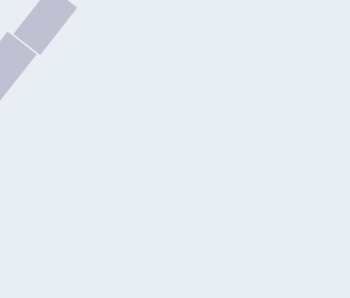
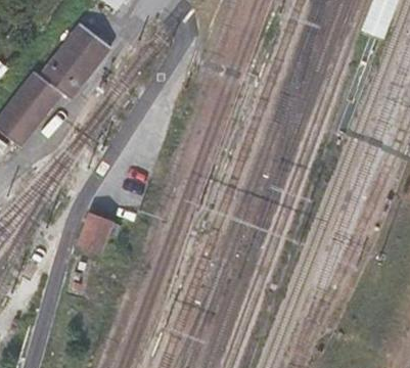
building: none -> [76,212,122,256]

